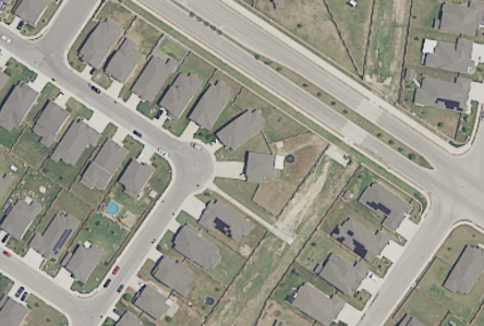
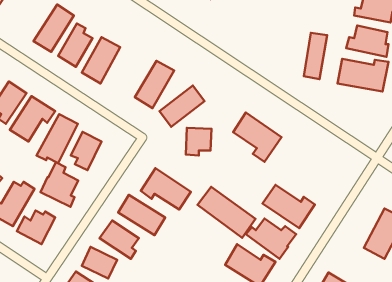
building: none -> [304,33,327,79]
building: [160,68,201,121] -> none
building: [359,178,412,232] -> [233,113,281,162]
building: none -> [40,162,78,207]
building: none -> [197,187,255,238]

